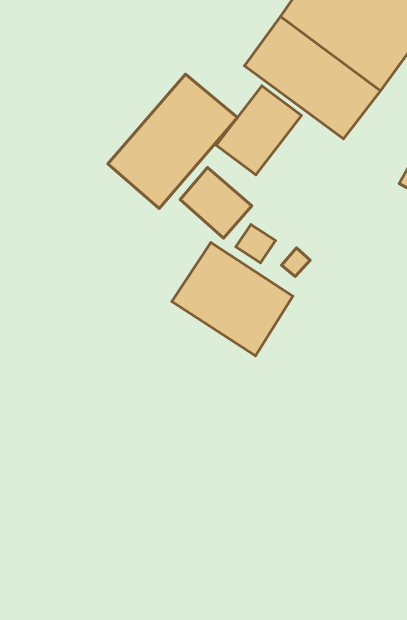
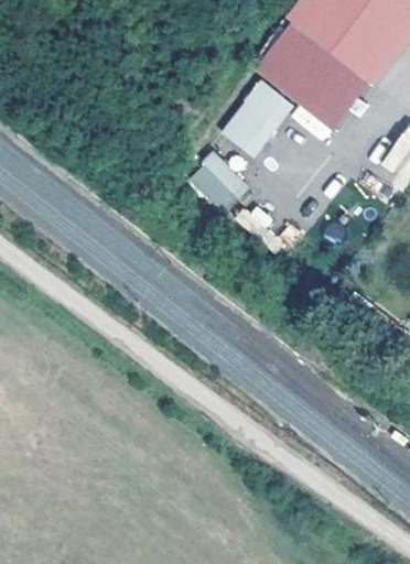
building: [108,74,237,209] -> none
building: [172,242,293,356] -> none

